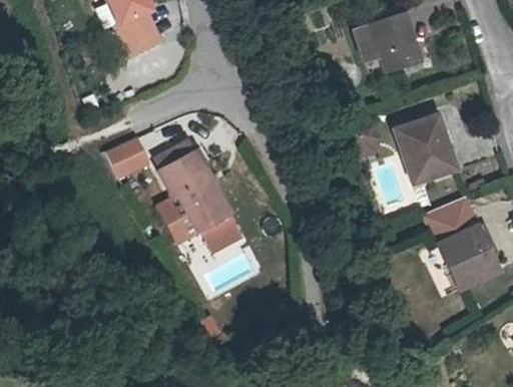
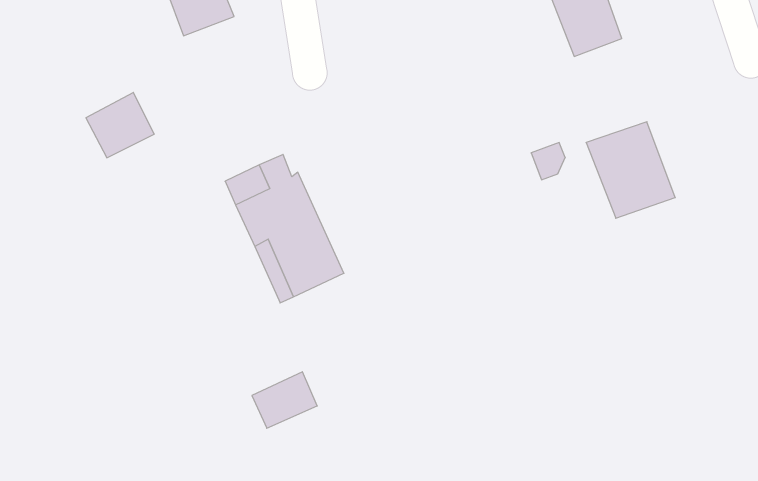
building: [103,131,149,175] -> [86,92,154,158]
building: [432,209,499,287] -> none
building: [198,218,242,256] -> [252,372,317,428]

